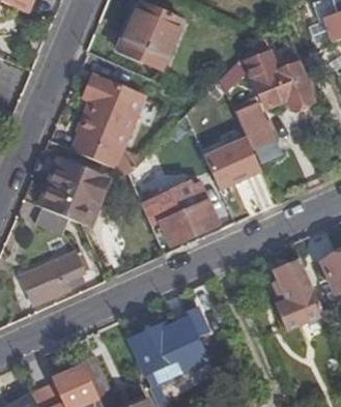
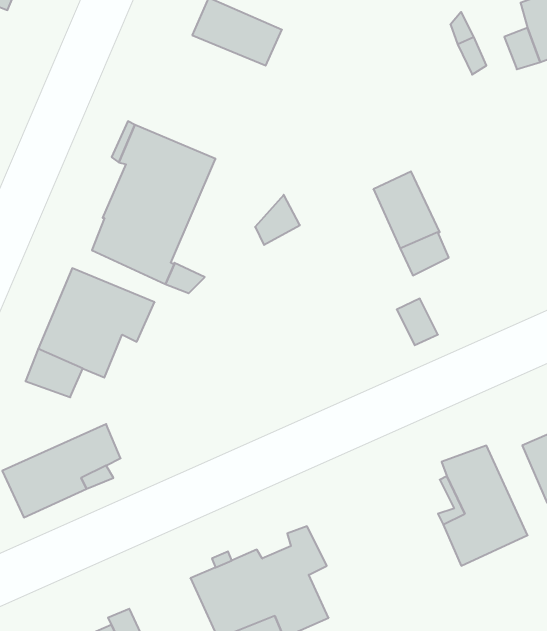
building: [121,24,174,68] -> none
building: [244,36,314,109] -> none
building: [197,134,256,187] -> none
building: [131,150,219,244] -> none

